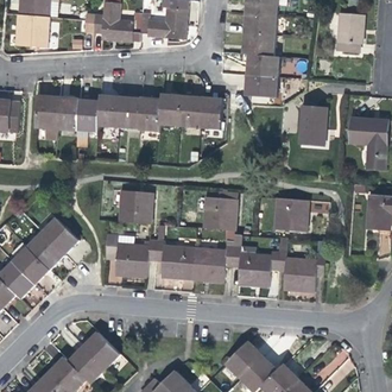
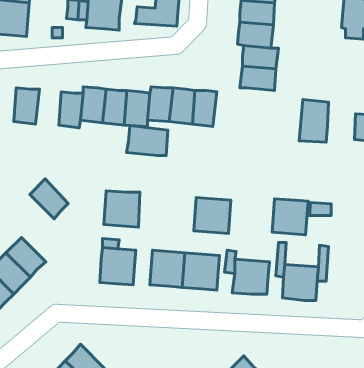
building: [55,96,78,129] -> none
building: none -> [126,126,168,156]
building: [42,219,77,255] -> [30,179,68,219]

